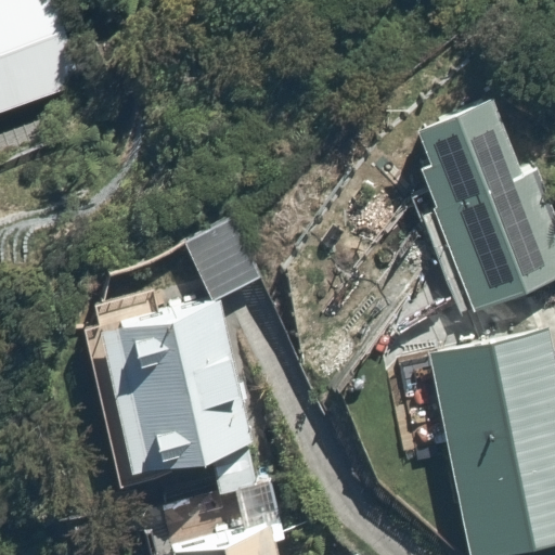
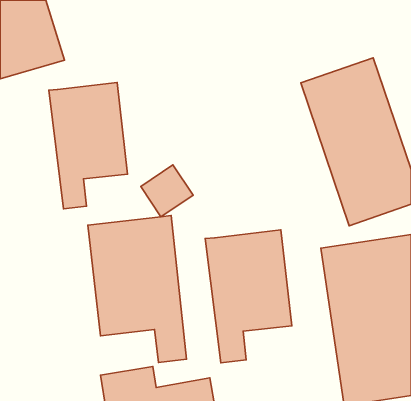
building: none -> [49,82,128,209]
building: none -> [205,230,292,363]

